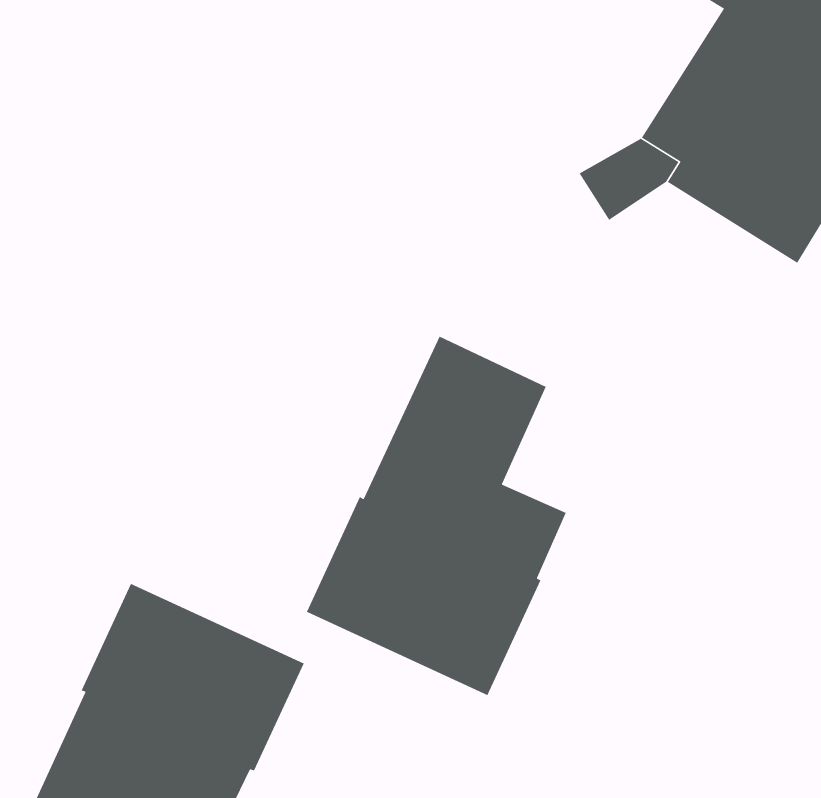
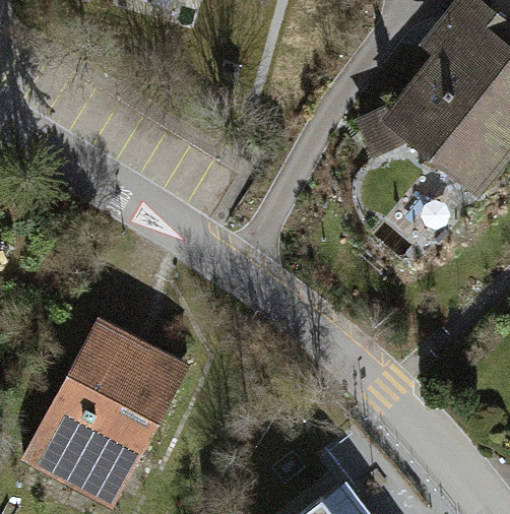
building: [306,335,567,696] -> none

